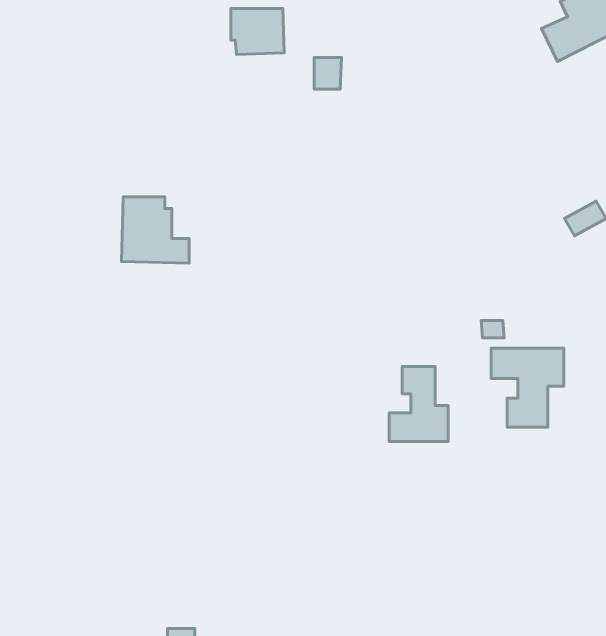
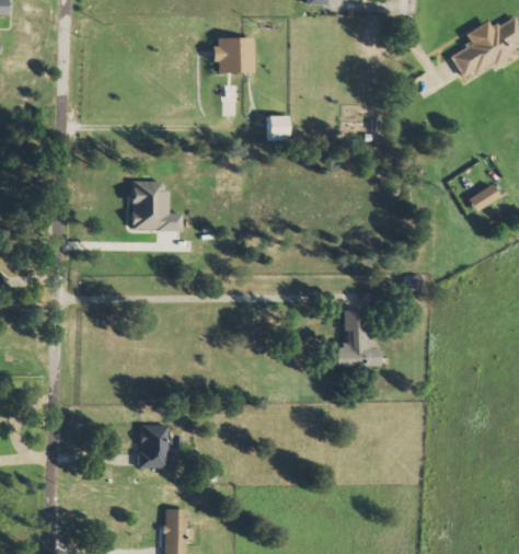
building: [314,57,342,89] -> [266,115,287,139]
building: [491,348,564,427] -> none
building: none -> [138,423,169,468]

